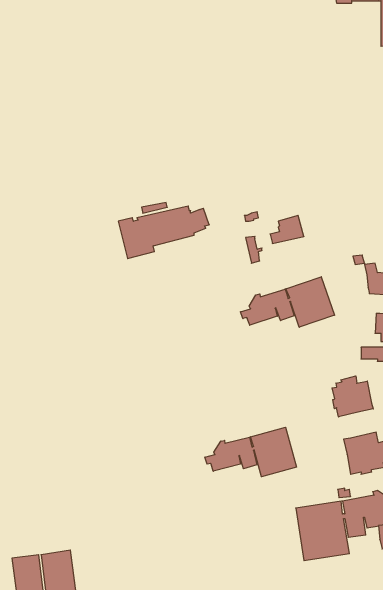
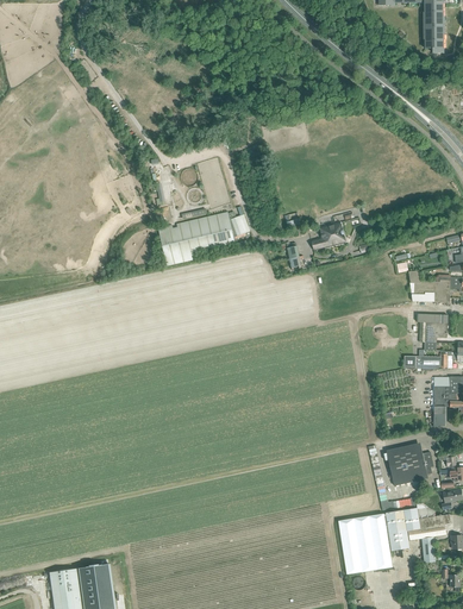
building: [240,277,335,327] -> none
building: [332,376,373,417] -> none
building: [205,427,296,477] -> none

